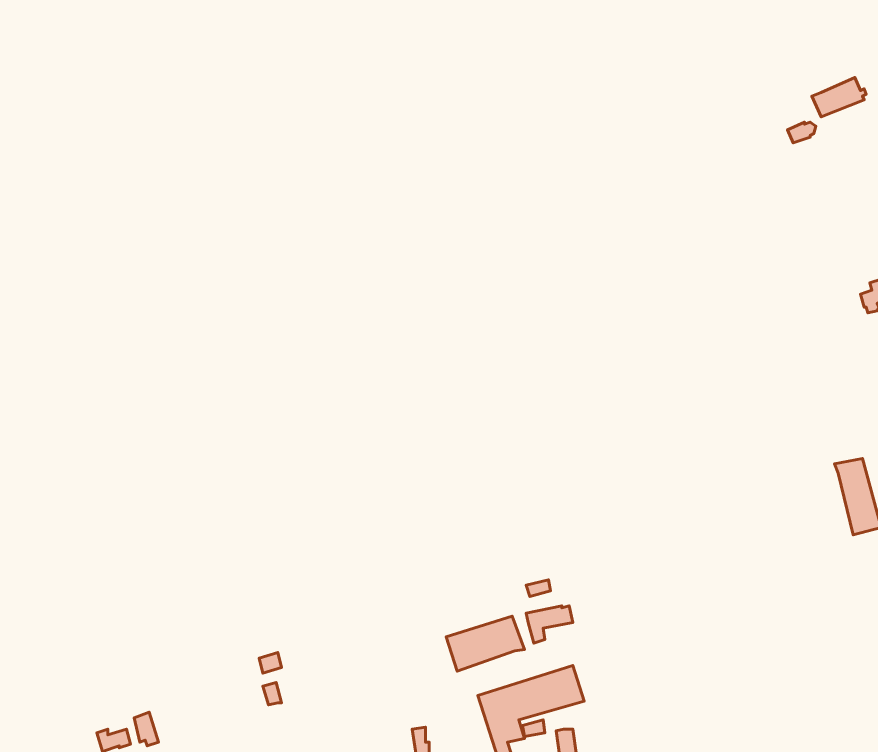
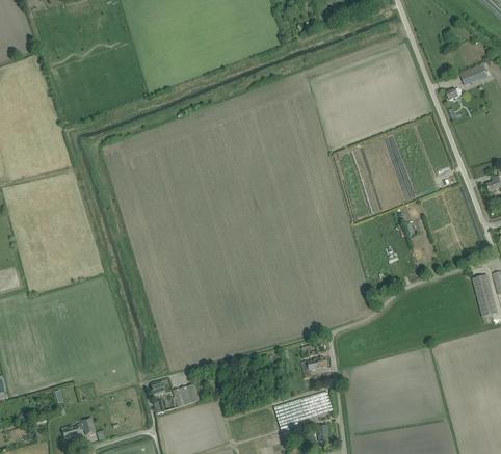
building: [446,616,525,671] -> none
building: none -> [170,383,200,407]

